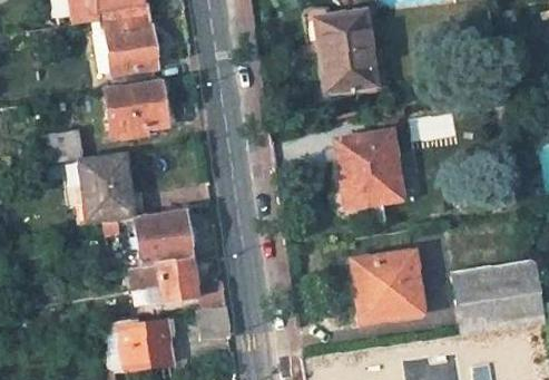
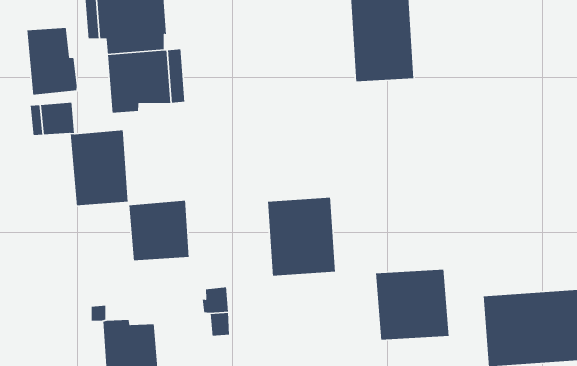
building: none -> [27,27,77,95]
building: [335,134,400,207] -> [267,197,336,277]
building: [130,259,197,300] -> none

